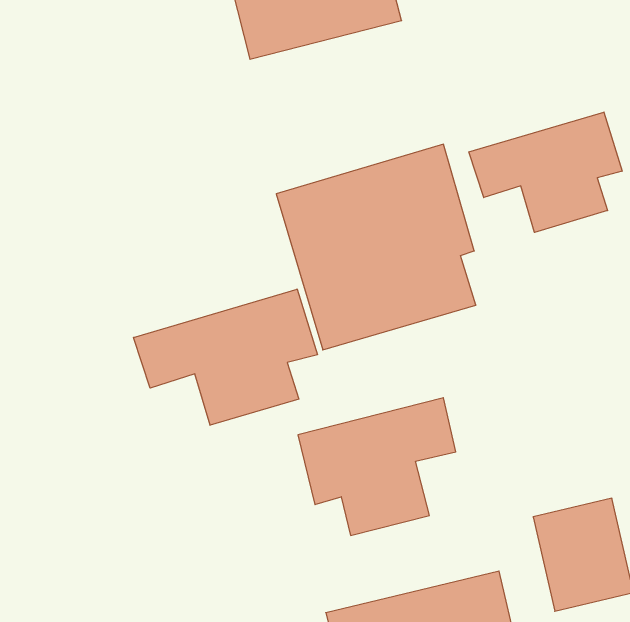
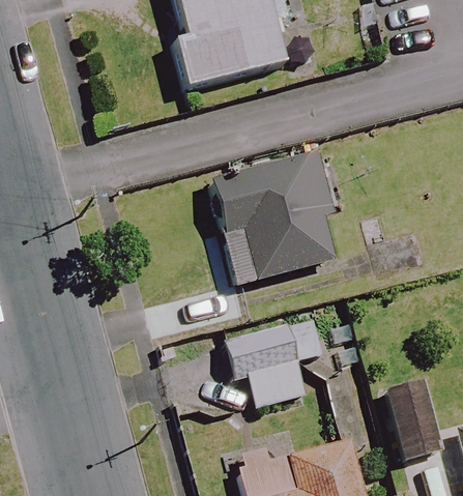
building: [469,112,622,232] -> none
building: [134,289,317,425] -> none

